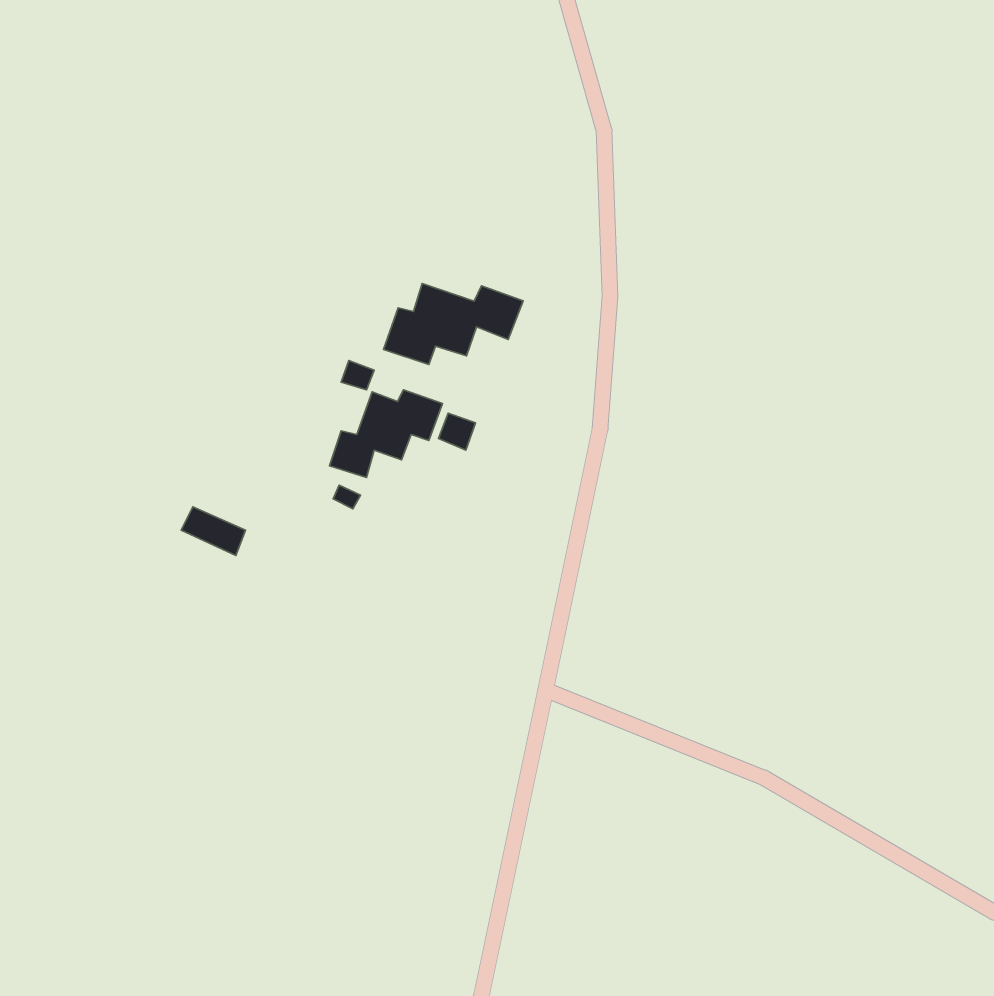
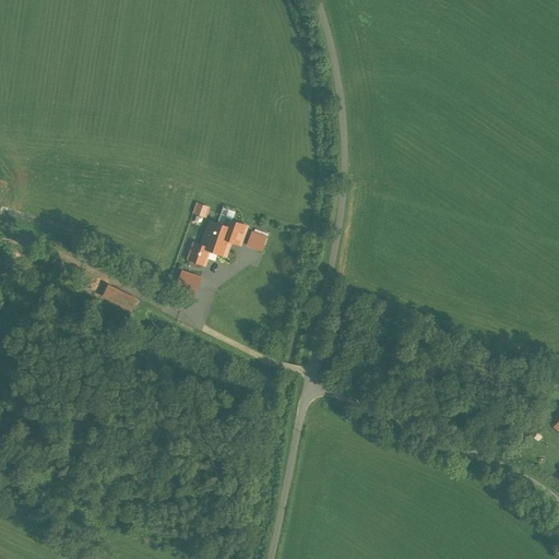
building: [384,284,523,365] -> none

